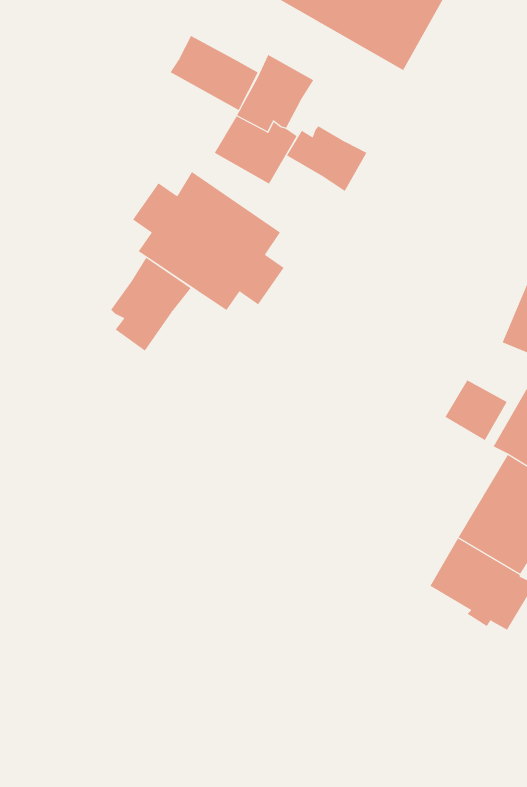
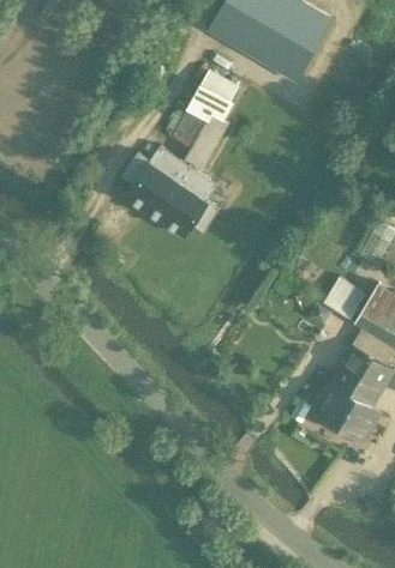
building: [170,35,259,111] -> none
building: [286,125,367,192] -> none
building: [111,257,191,351] -> none

